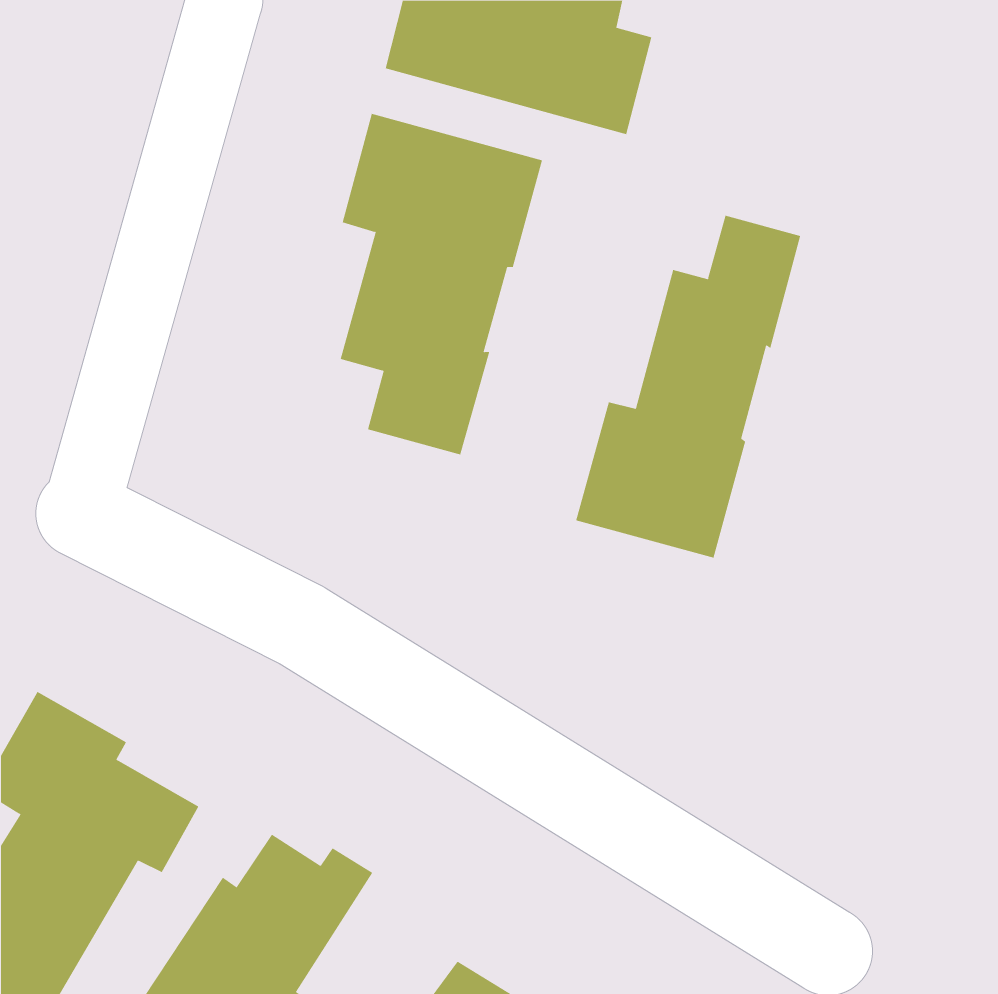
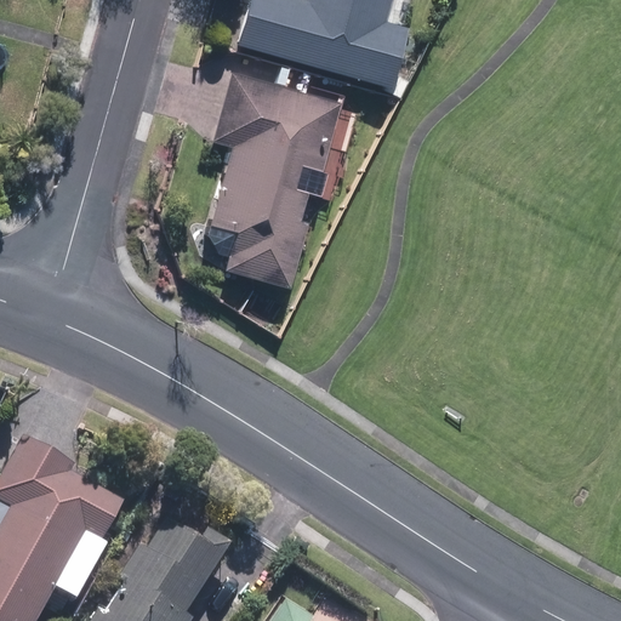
building: [575,215,801,558] -> none

